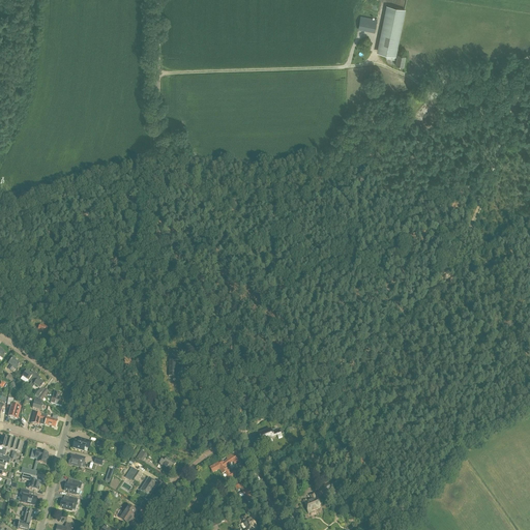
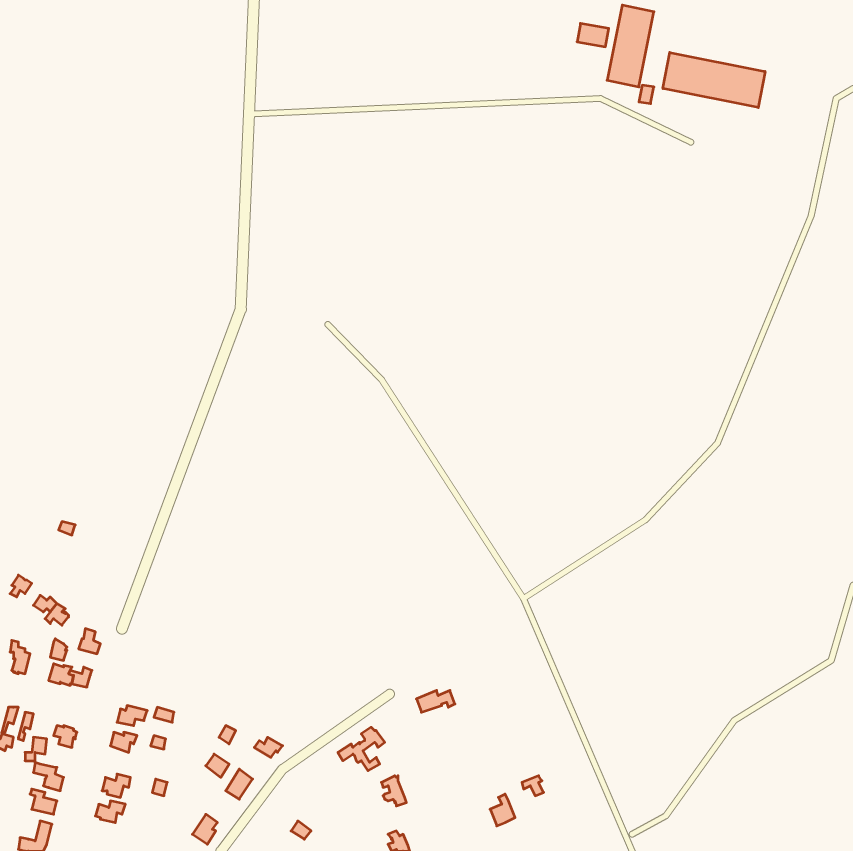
building: none -> [663,52,765,108]

